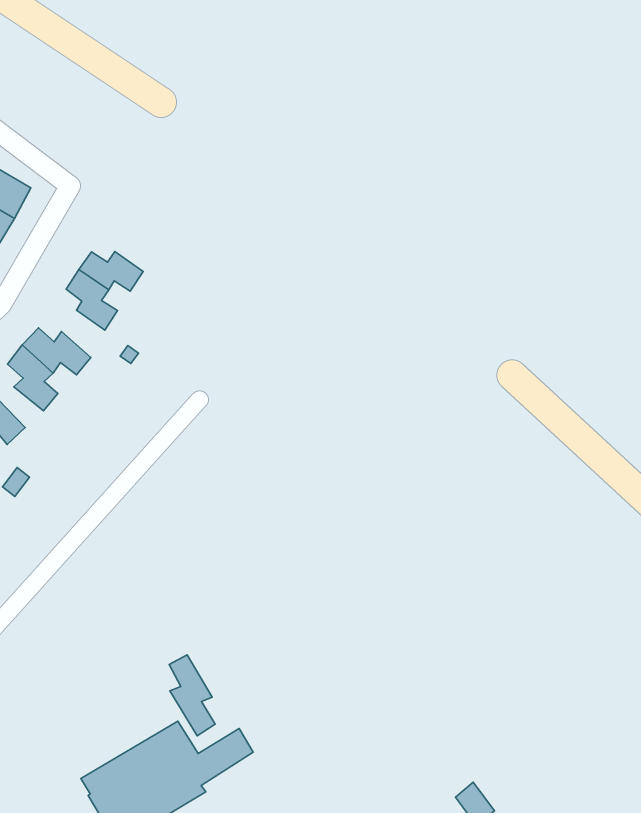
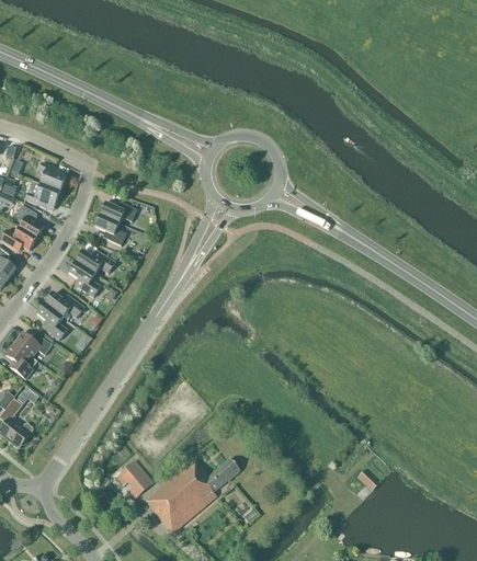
building: [169,655,215,736] -> none
building: none -> [115,460,152,497]

